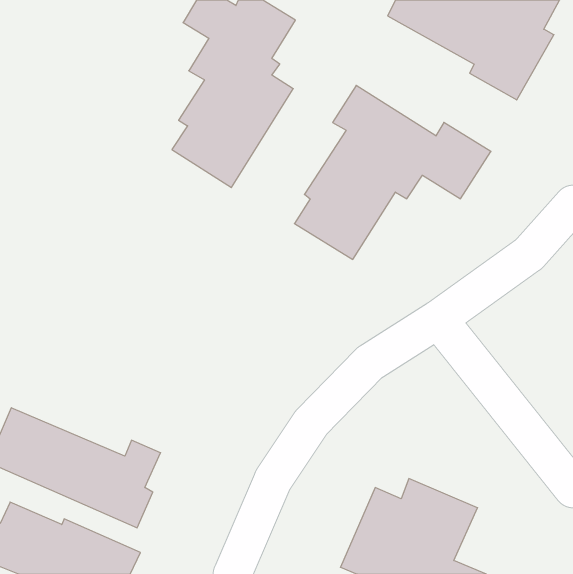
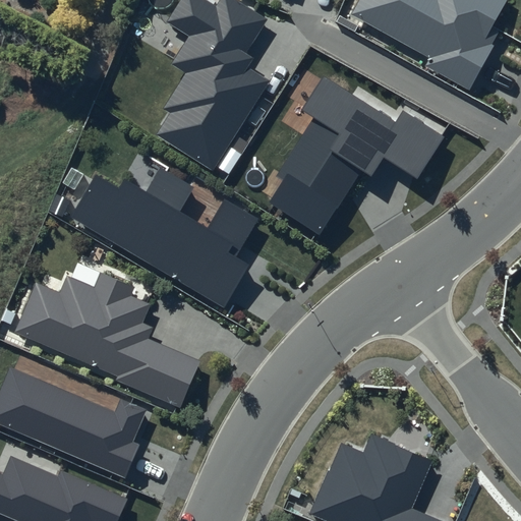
building: none -> [70,167,258,307]
building: none -> [15,272,200,408]

